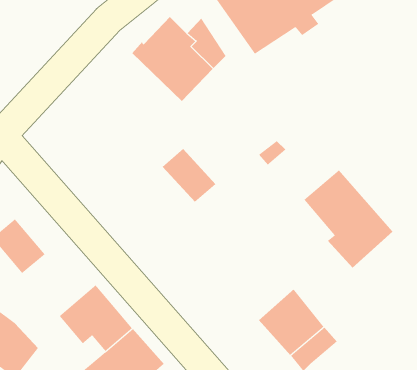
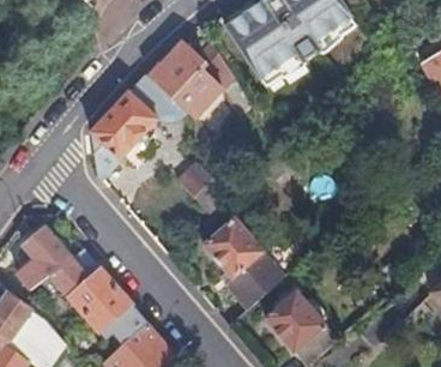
building: none -> [91,90,158,179]
building: [304,169,393,269] -> [204,218,285,308]
building: none -> [50,247,117,314]

